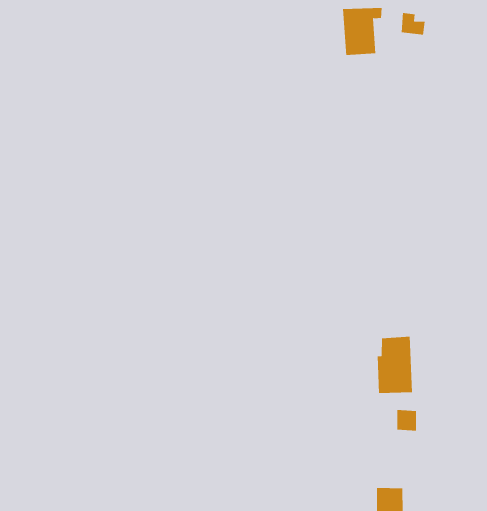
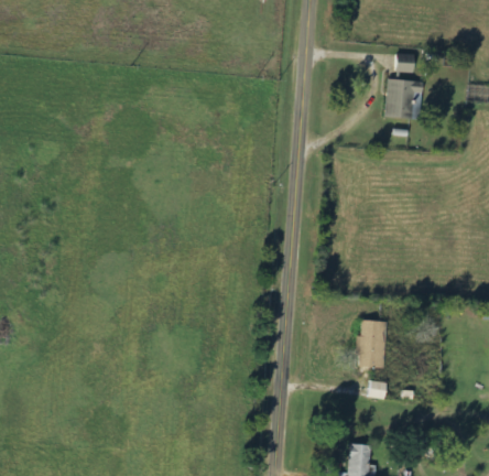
building: [342,7,382,55] -> [387,79,420,118]

